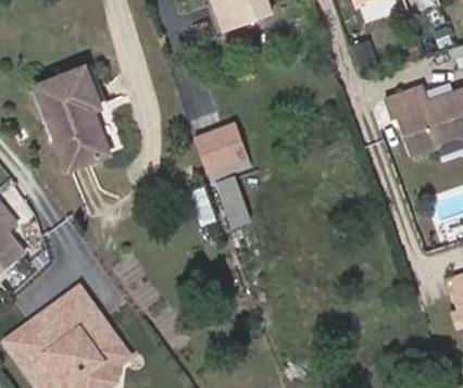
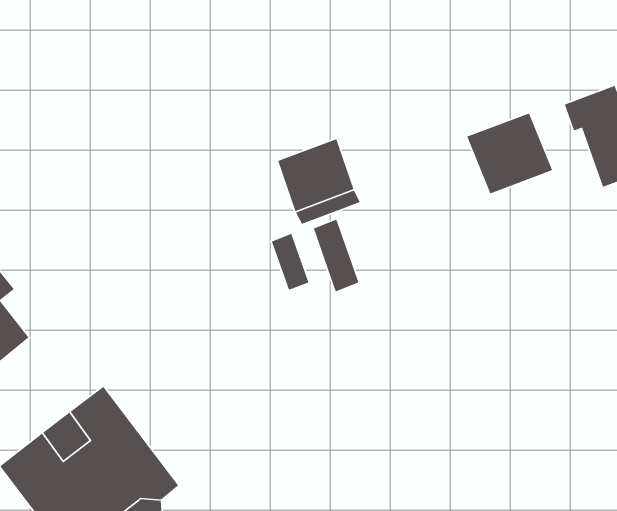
building: [35,65,108,168] -> none
building: none -> [466,112,553,194]

